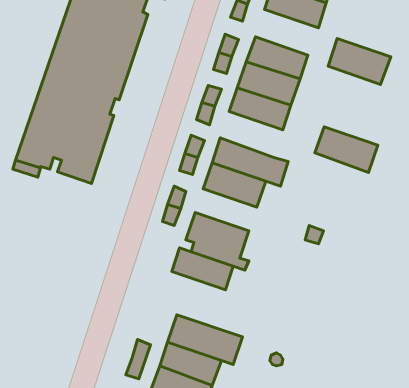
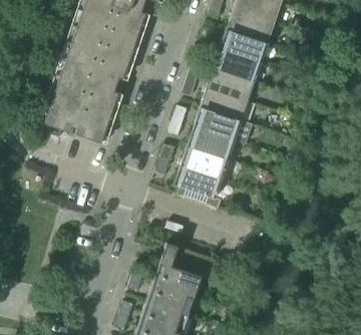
building: [328,39,391,84] -> [227,9,275,44]
building: [315,127,378,173] -> [200,87,248,122]
building: [172,248,233,290] -> [180,146,228,179]

